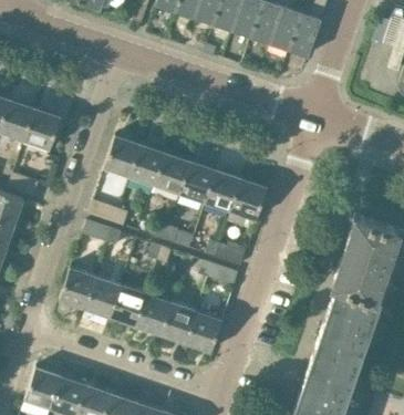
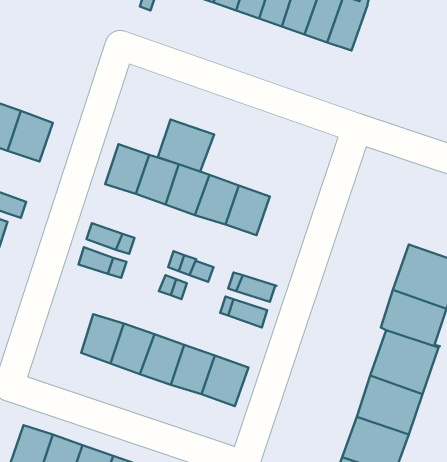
building: none -> [158,119,214,171]
building: [229,178,268,220] -> none
building: [60,267,94,308] -> none

